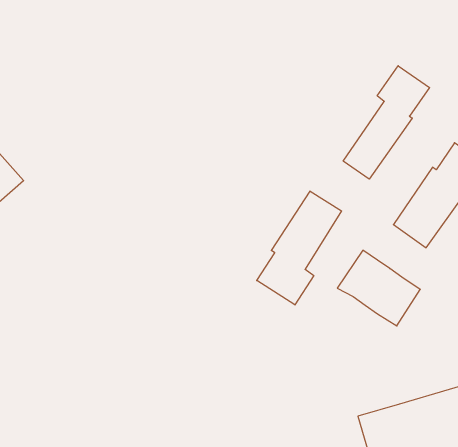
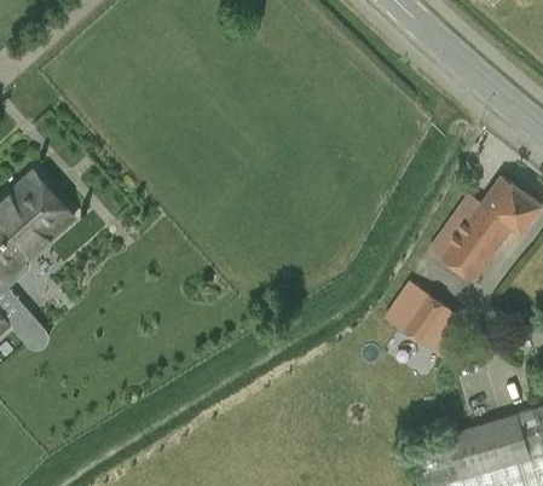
building: [343,66,430,179] -> none
building: [257,191,342,305] -> none

